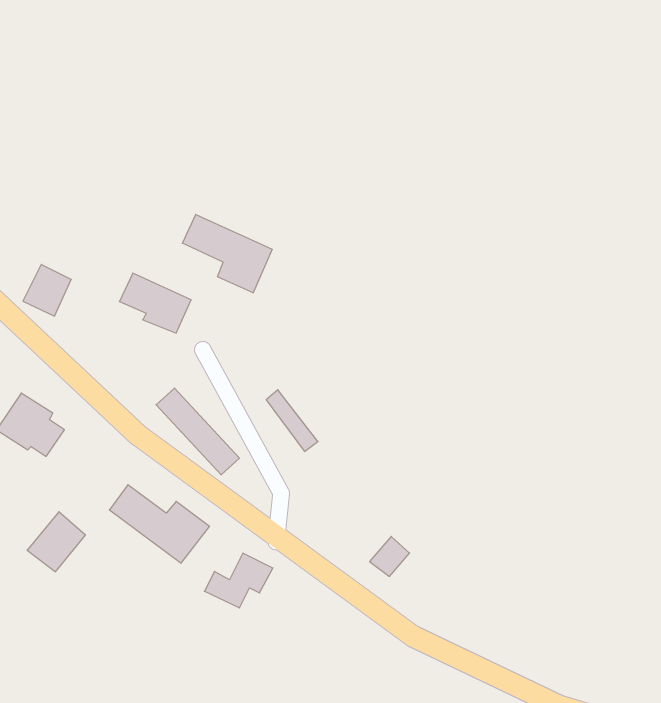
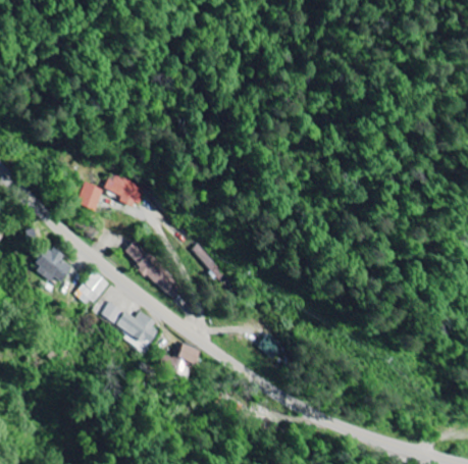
building: [182,214,272,293] -> none
building: [23,264,71,316] -> [73,182,103,213]
building: [27,512,85,572] -> [73,270,109,307]

